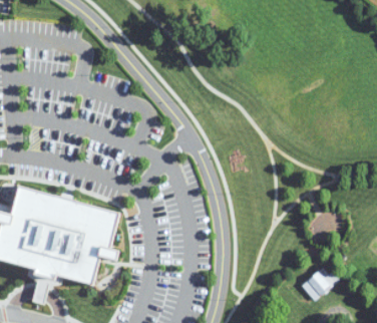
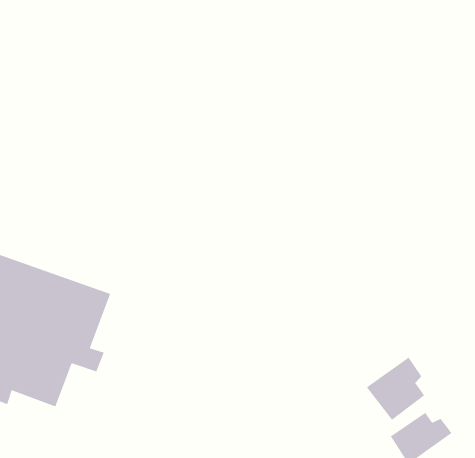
building: none -> [366,357,425,421]

